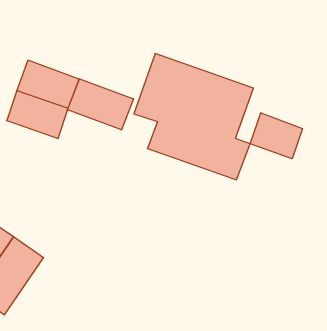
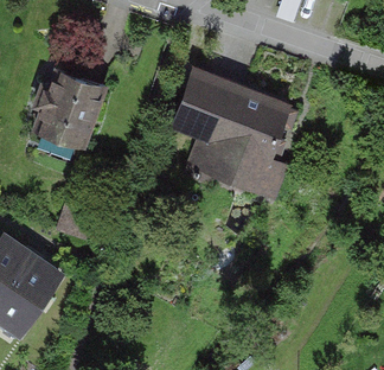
building: [68,79,133,130] -> none
building: [250,113,302,159] -> none

